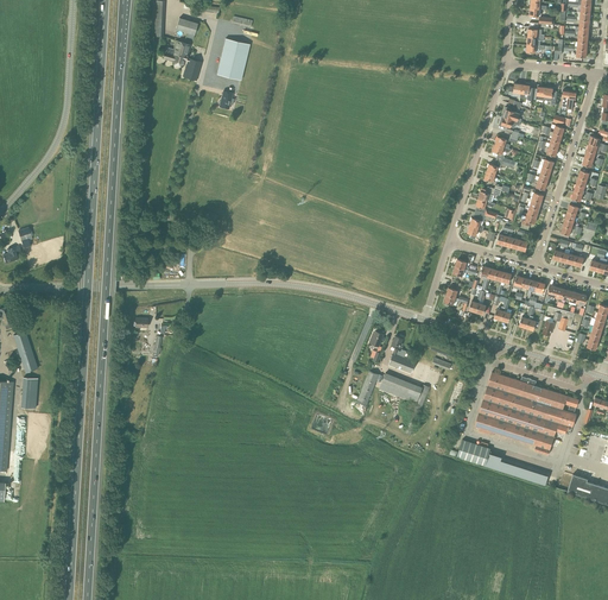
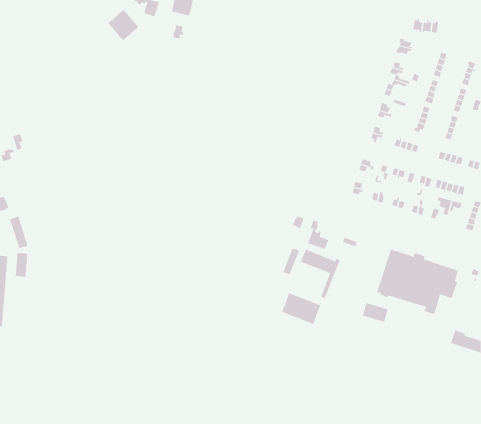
building: none -> [108,9,139,41]
building: none -> [282,292,321,325]

